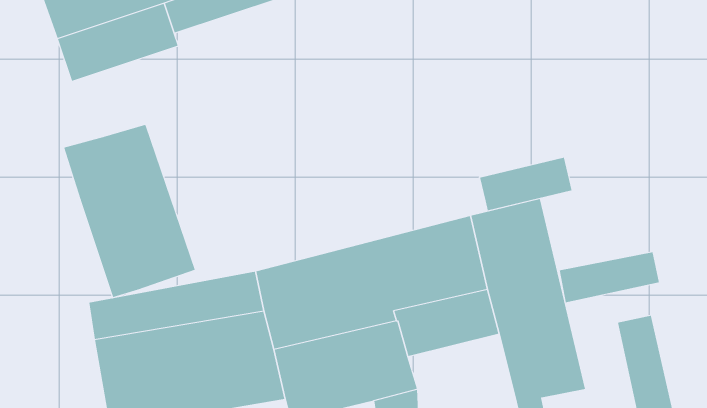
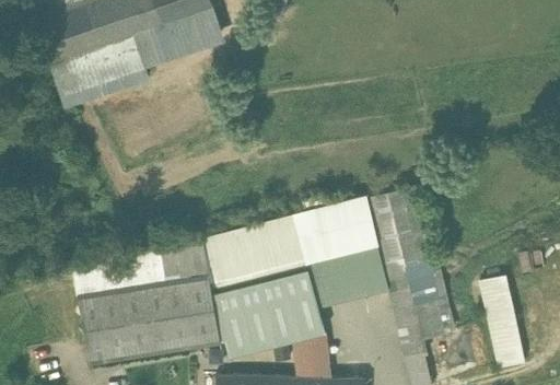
building: [63,124,196,298] -> none
building: [479,157,572,211] -> none
building: [559,252,660,303] -> none

